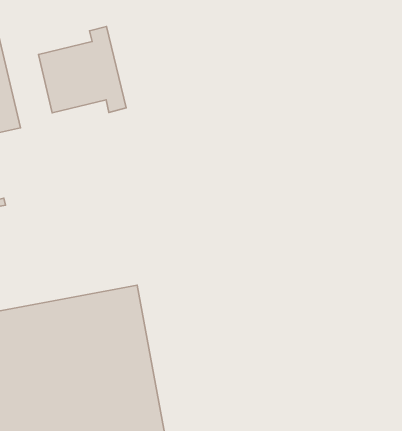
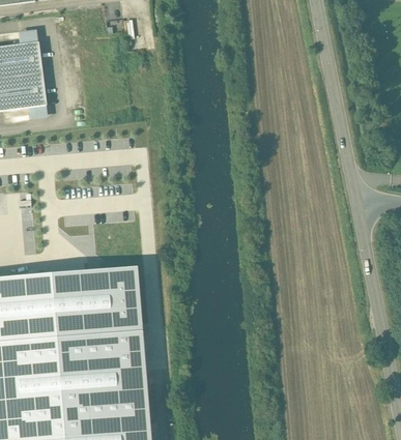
building: [38,27,126,113] -> none

